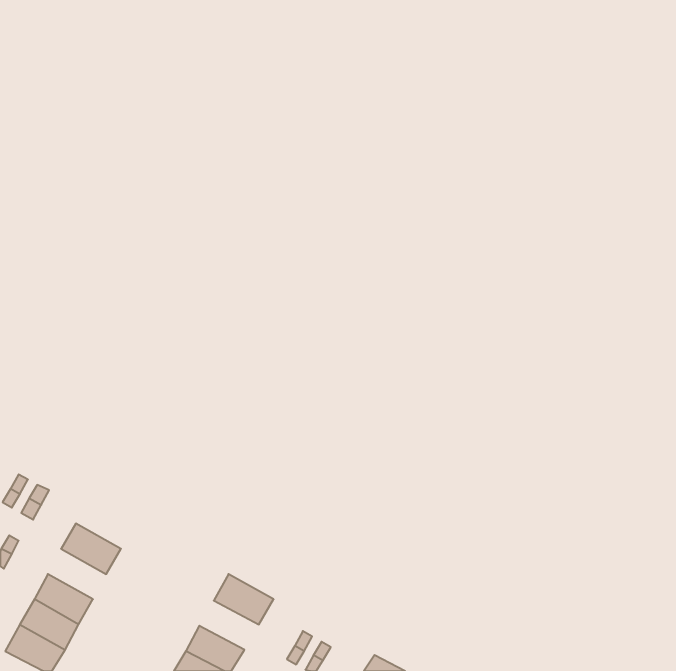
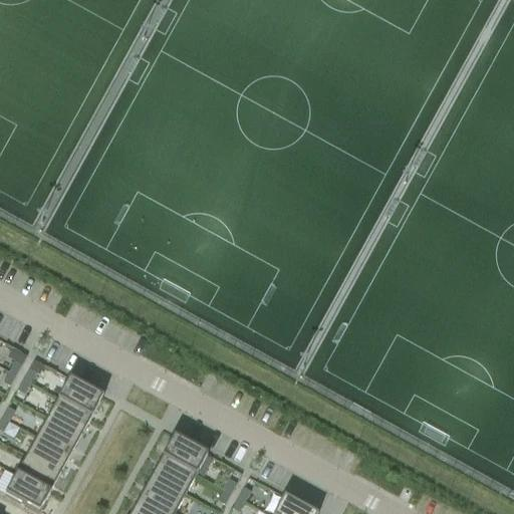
building: none -> [59,376,104,415]
building: none -> [38,415,82,453]
building: none -> [153,454,198,491]

